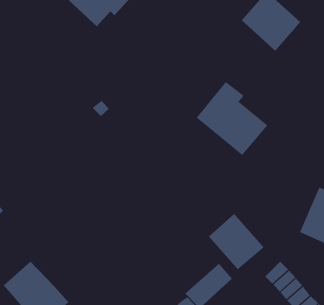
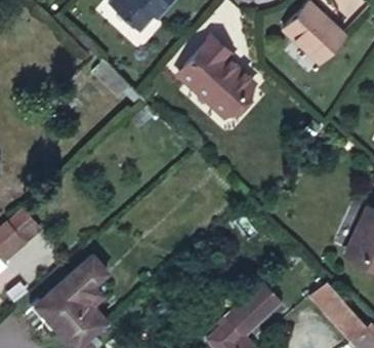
building: [196,81,268,156] -> [179,37,254,115]
building: [208,213,265,270] -> none
building: none -> [66,259,106,308]

